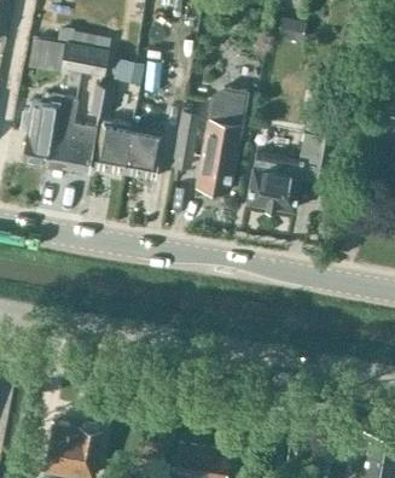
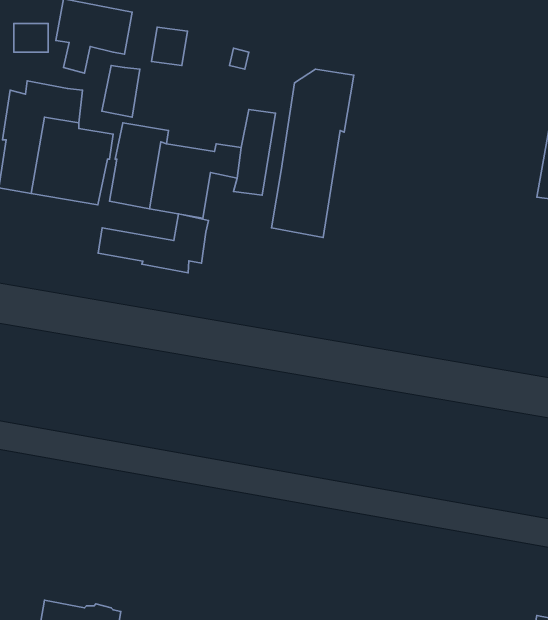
building: [248,132,325,209] -> none
building: none -> [98,214,209,273]

